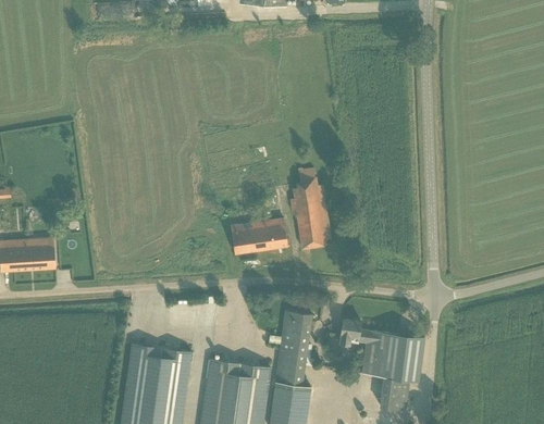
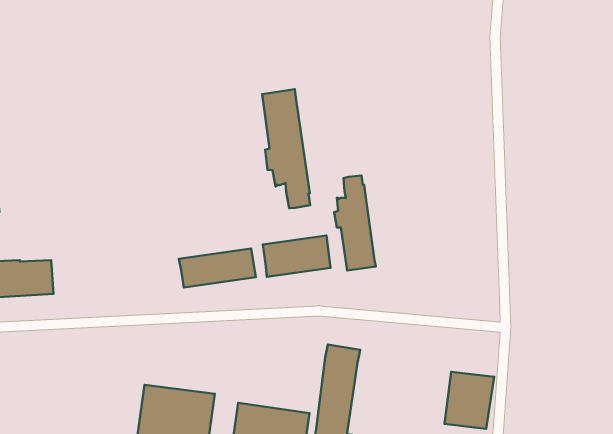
building: none -> [262,89,310,208]
building: none -> [179,249,256,287]
building: [326,319,387,376] -> none

